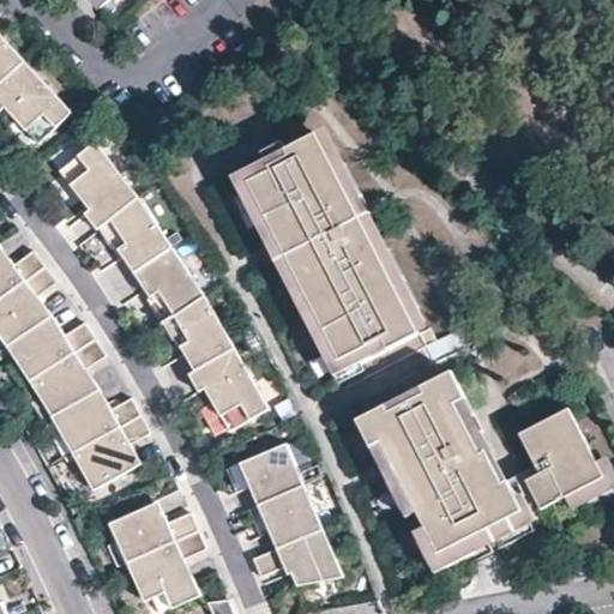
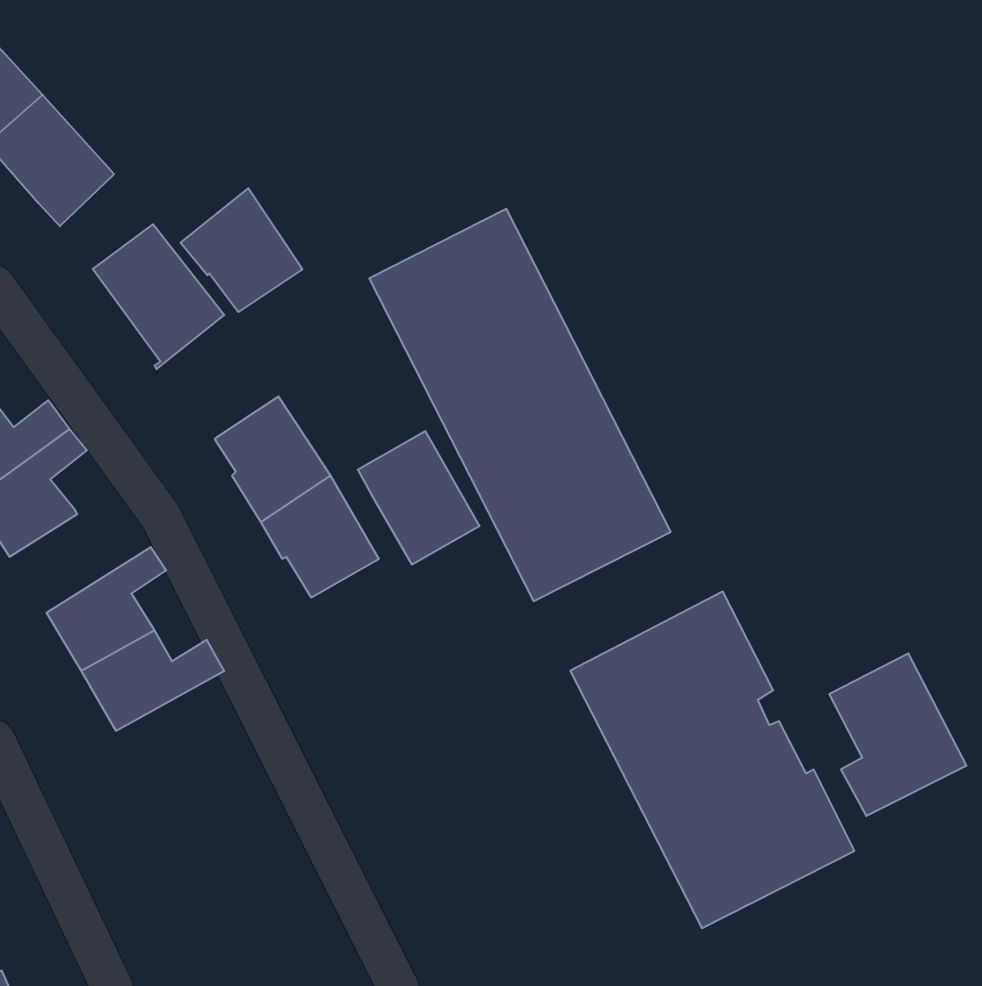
building: [97,197,173,273] -> [181,188,302,312]
building: [6,320,94,381] -> none
building: [193,348,269,431] -> [358,431,480,564]
building: [72,417,149,486] -> none
building: [223,443,341,584] -> none
building: [106,502,201,607] -> none

